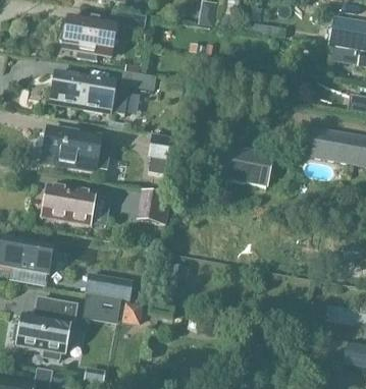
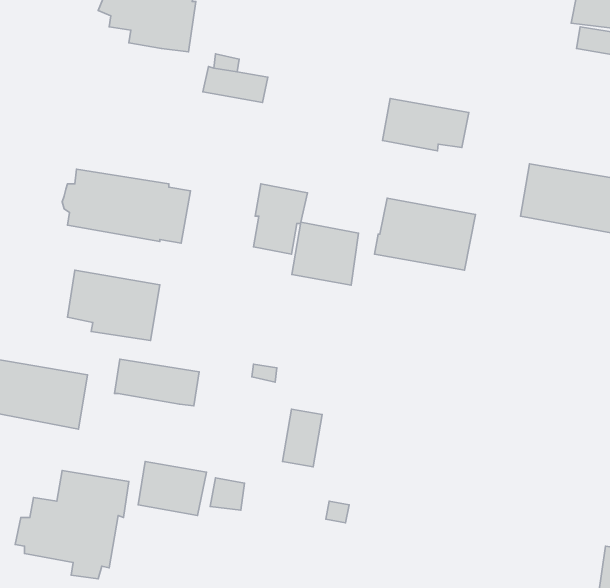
building: [50,71,128,114] -> none
building: none -> [383,99,469,151]
building: [132,189,169,225] -> [292,222,358,285]
building: [85,274,133,300] -> [114,359,199,406]

